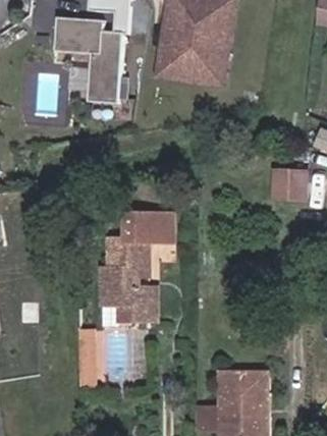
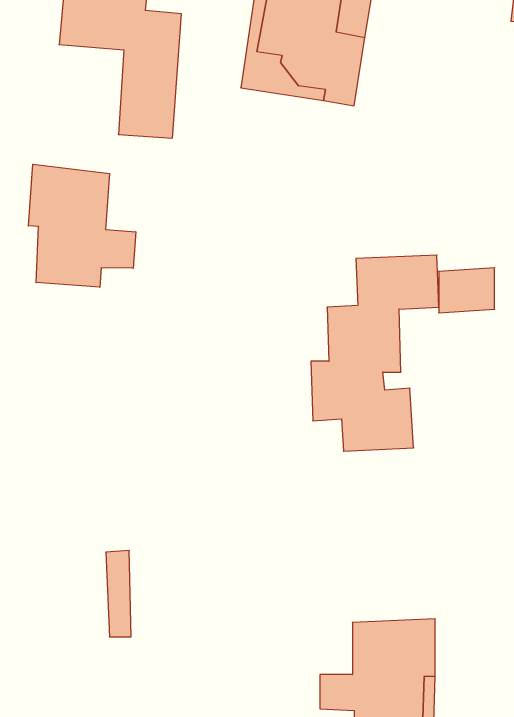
building: none -> [29,164,136,287]
building: [101,210,173,321] -> [311,255,439,451]

